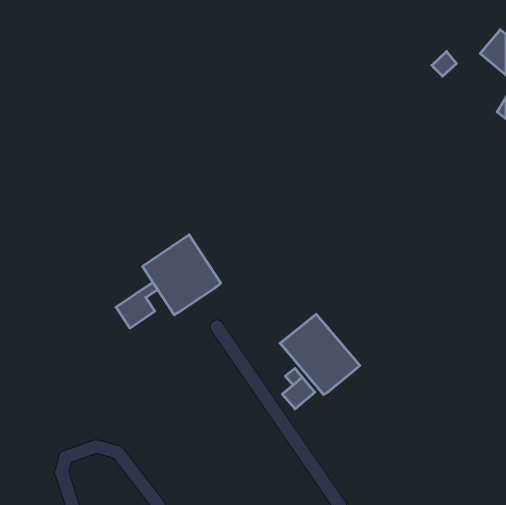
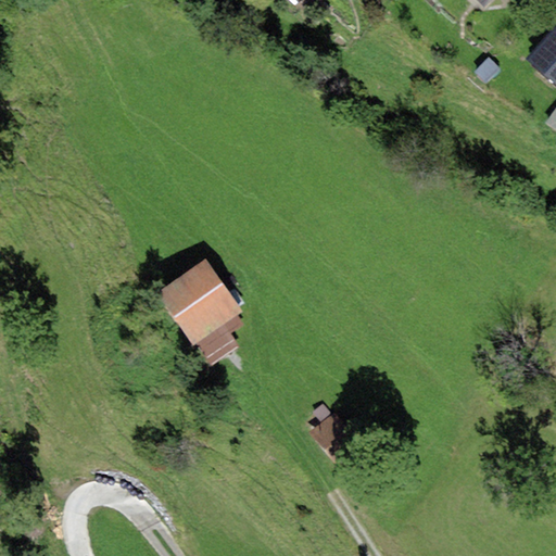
building: [116,283,158,328] -> [197,315,242,365]
building: [280,314,360,395] -> none

